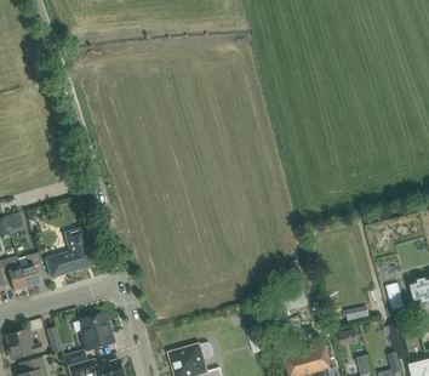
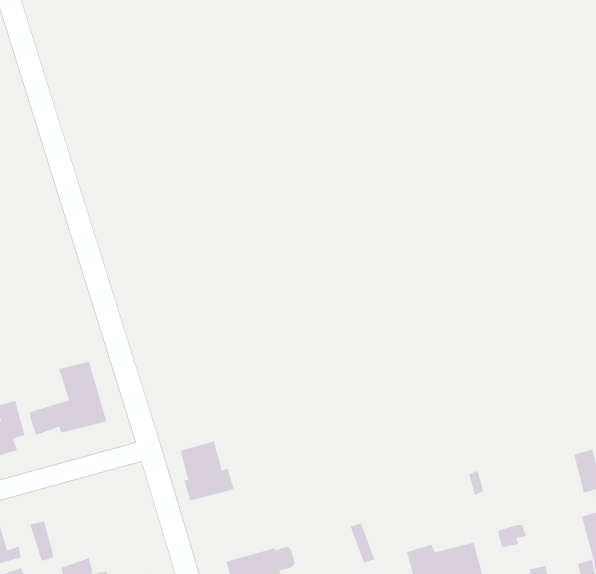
building: [80,313,114,351] -> [180,441,234,501]

